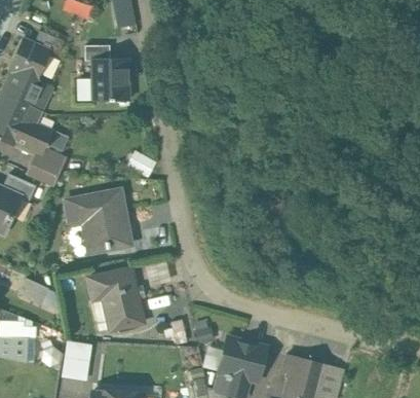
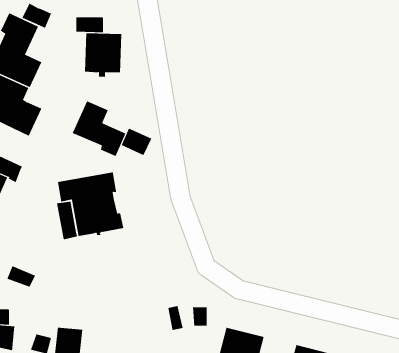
building: none -> [72,100,126,157]
building: [27,150,65,187] -> none
building: [88,268,141,331] -> none

